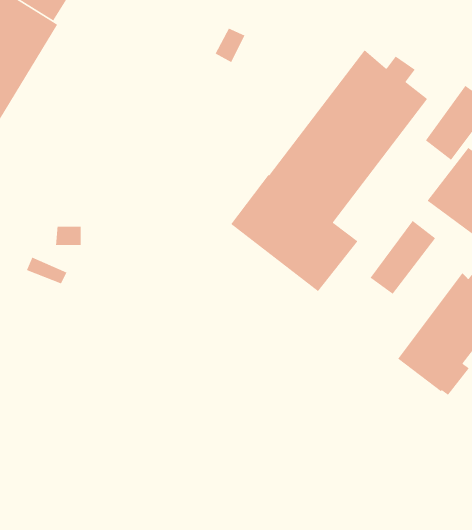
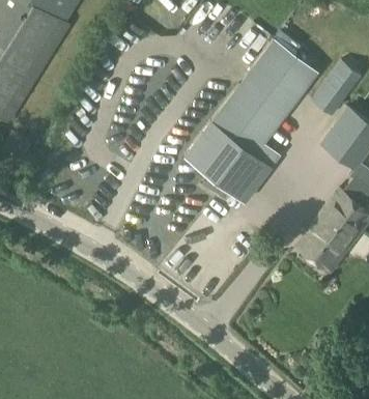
building: [370,220,436,295] -> none

